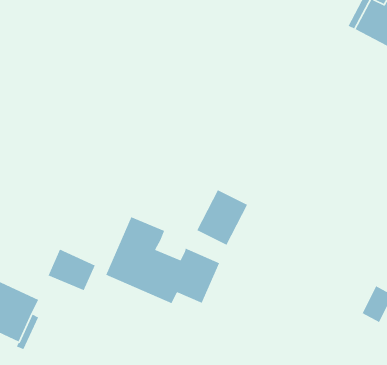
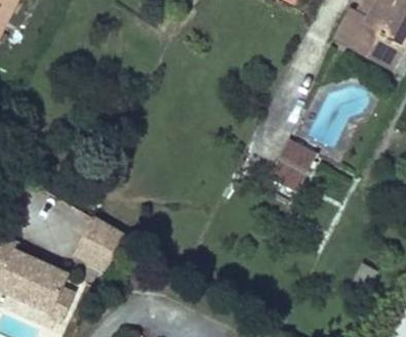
building: [196,189,248,246] -> [271,140,316,189]
building: [105,216,220,304] -> none

